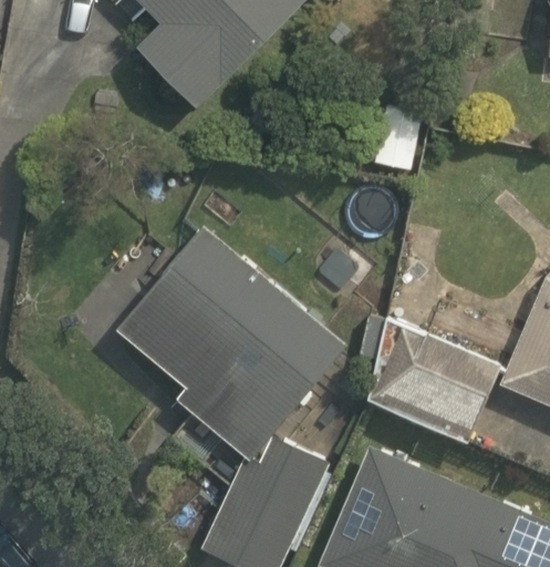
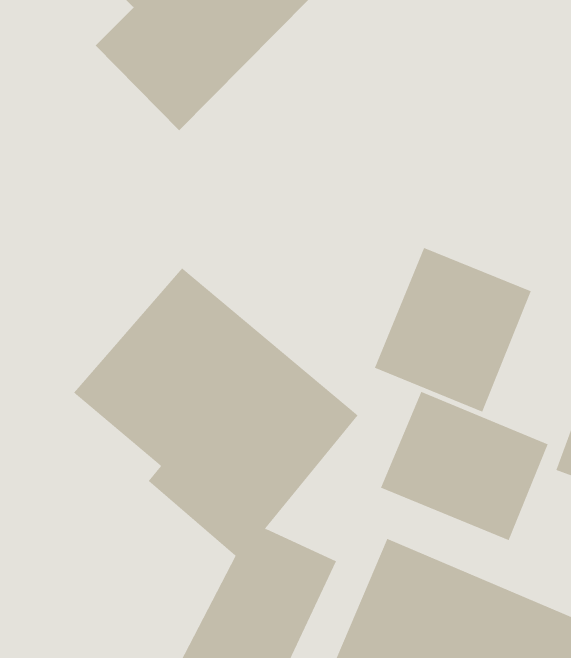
building: none -> [374,247,531,413]

